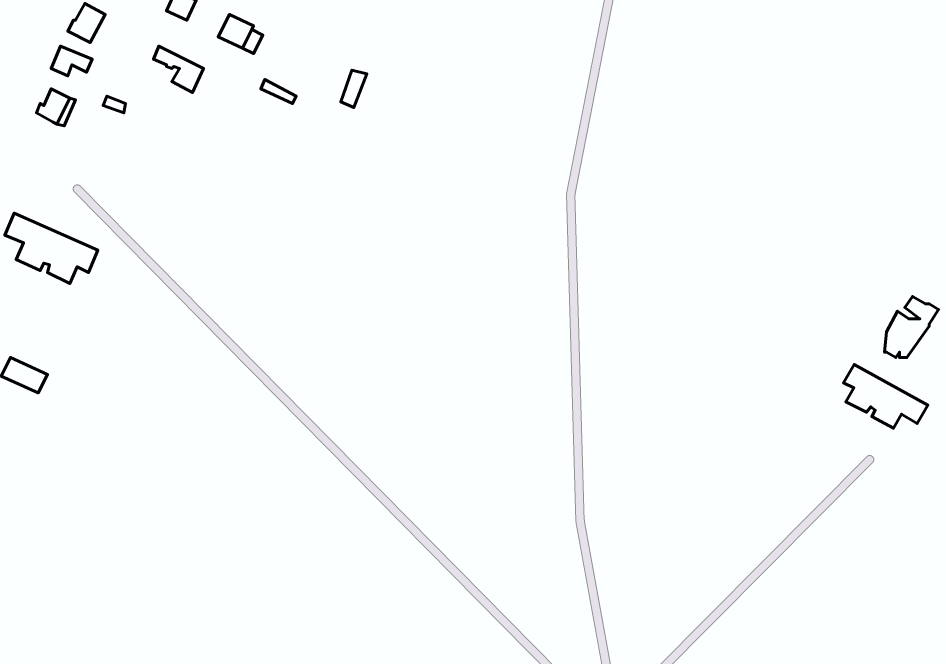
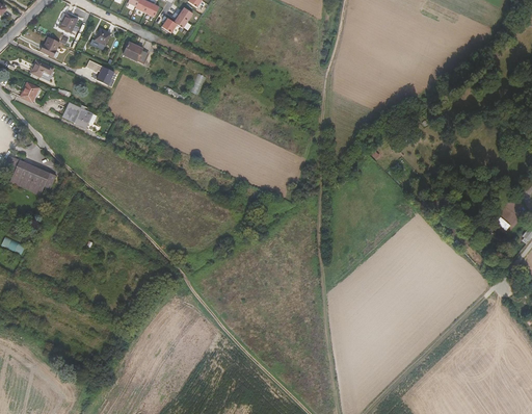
building: none -> [63,103,94,128]
building: [843,364,928,428] -> none

